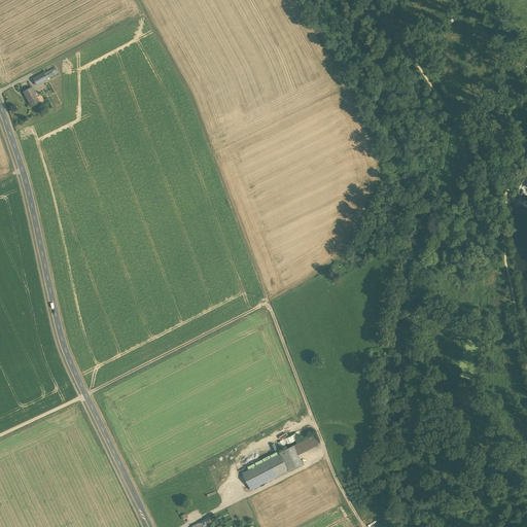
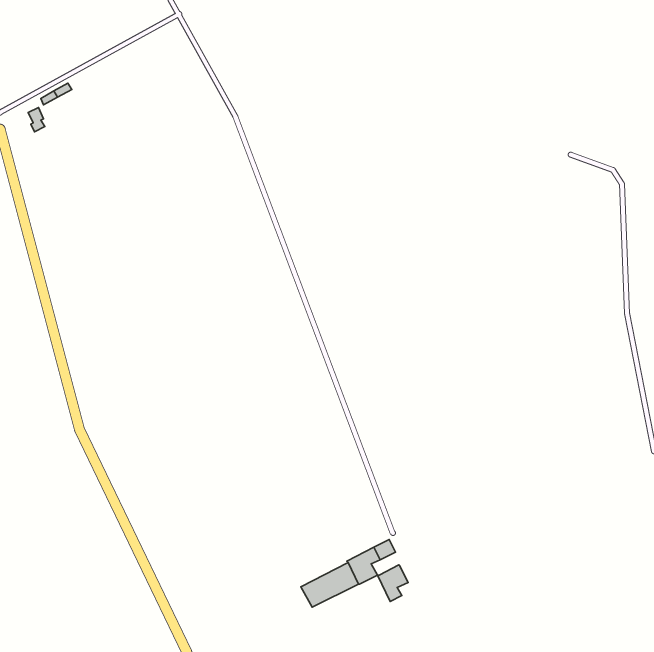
building: none -> [378,565,408,602]

